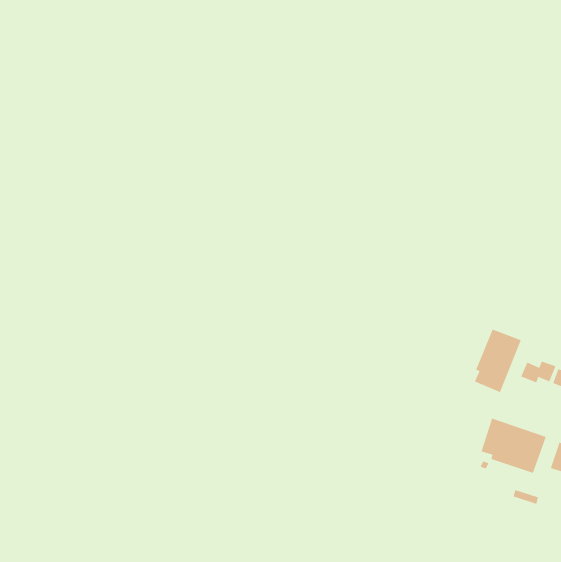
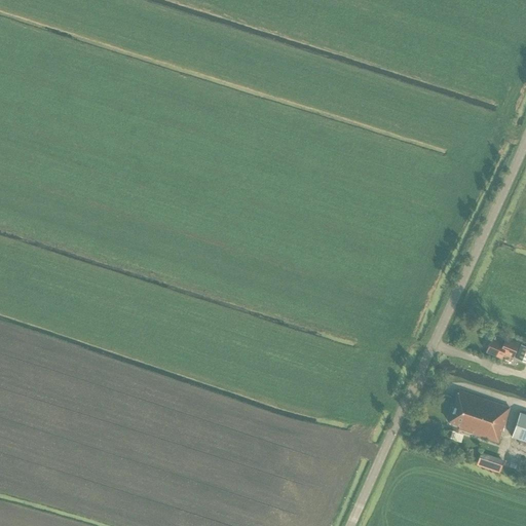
building: [474,328,522,393] -> none

